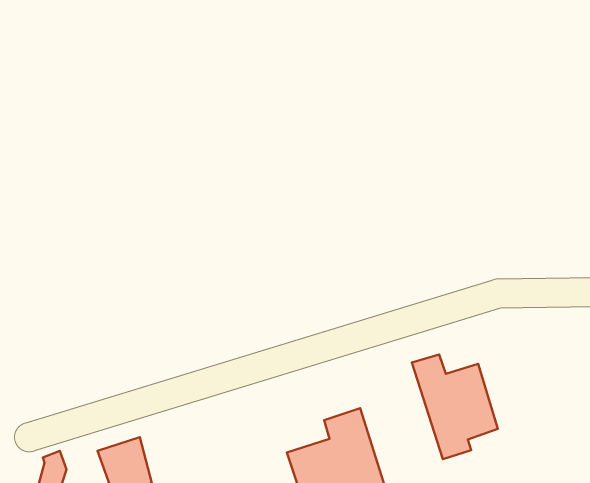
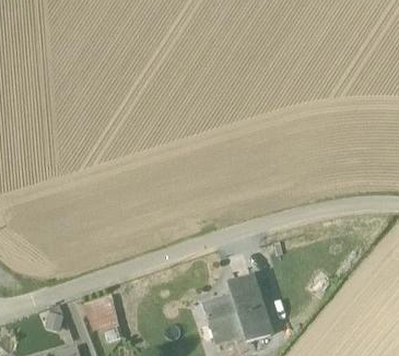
building: [412,355,498,459] -> none

